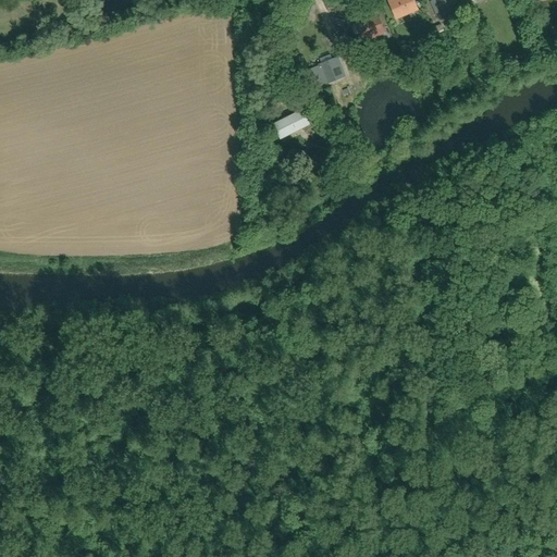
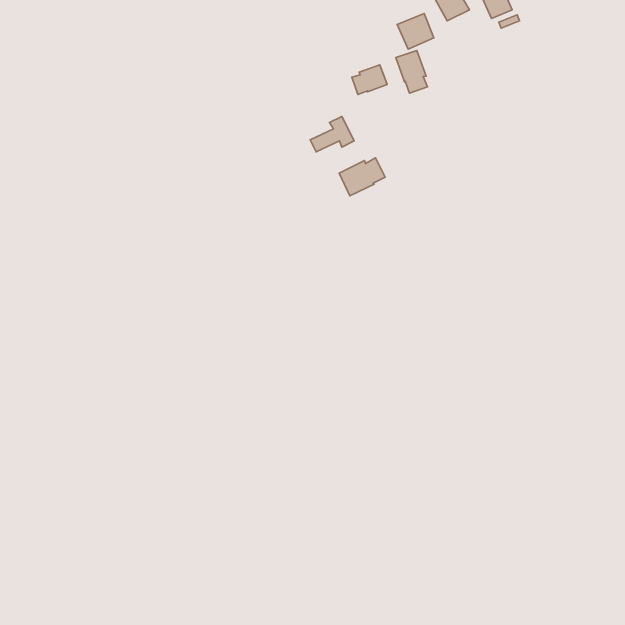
building: none -> [396,50,428,93]
building: none -> [339,158,385,196]

